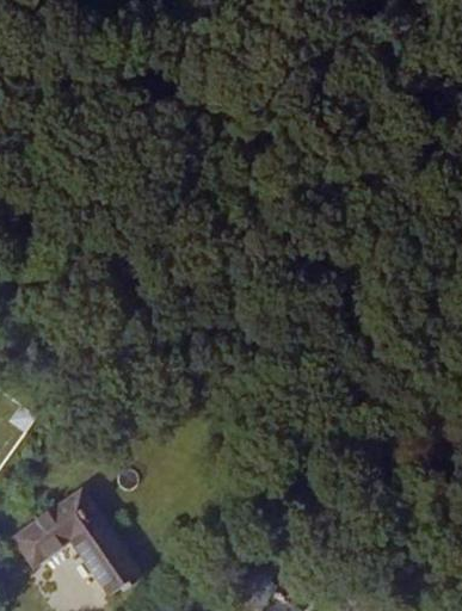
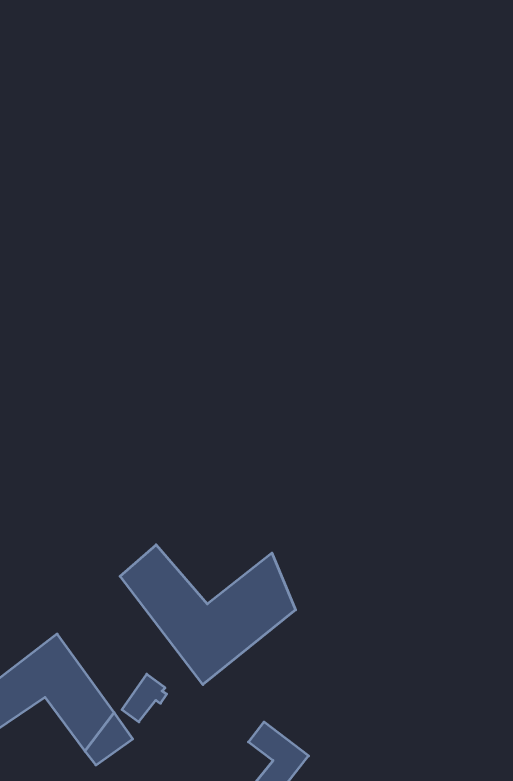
building: none -> [120,545,296,685]

